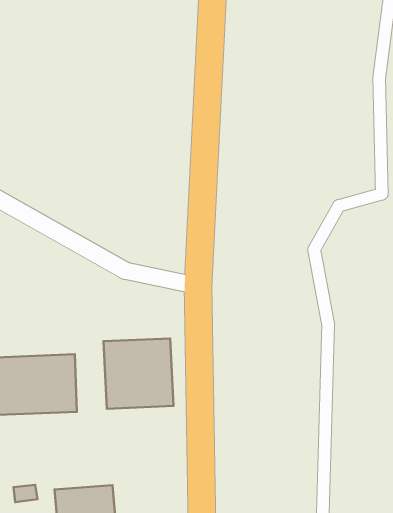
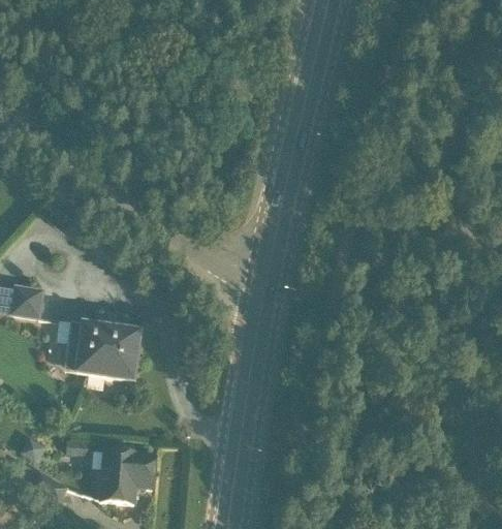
building: [104,338,174,409] -> none

